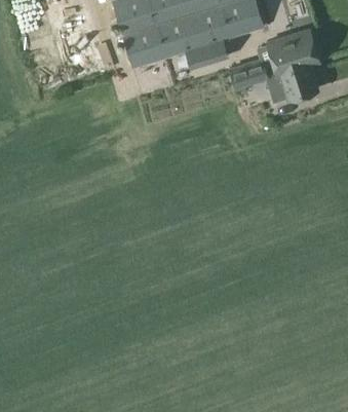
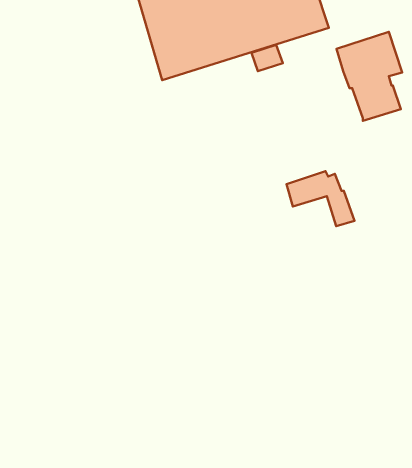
building: [236,59,289,102] -> [286,171,354,226]

